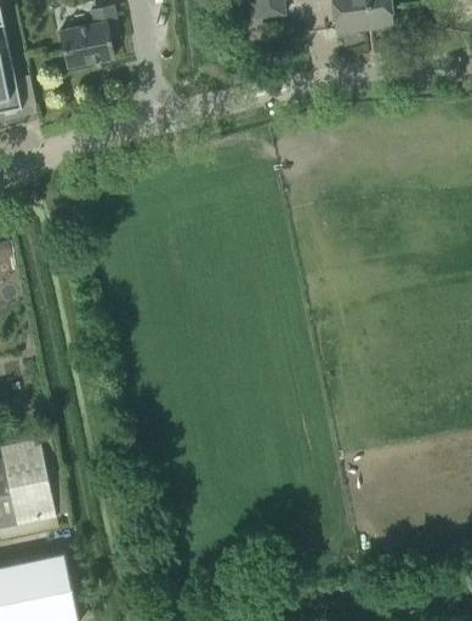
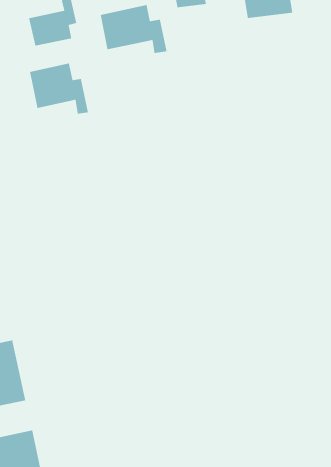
building: none -> [100,4,168,54]
building: none -> [29,62,89,115]

